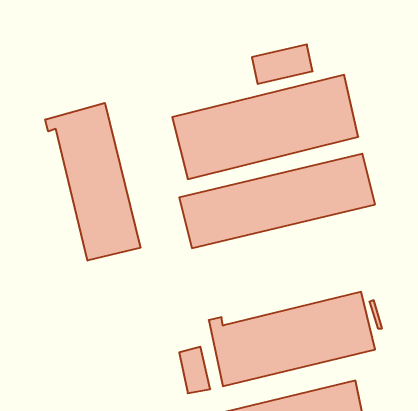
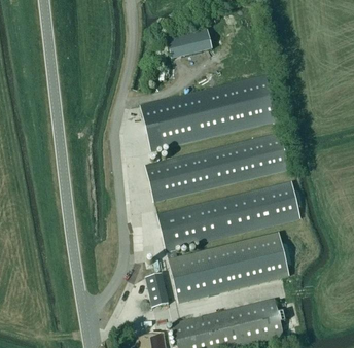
building: [252,44,313,84] -> [168,29,212,58]
building: [45,103,140,261] -> none
building: none -> [157,181,300,250]

